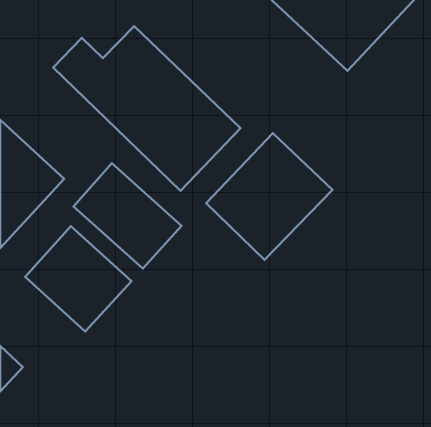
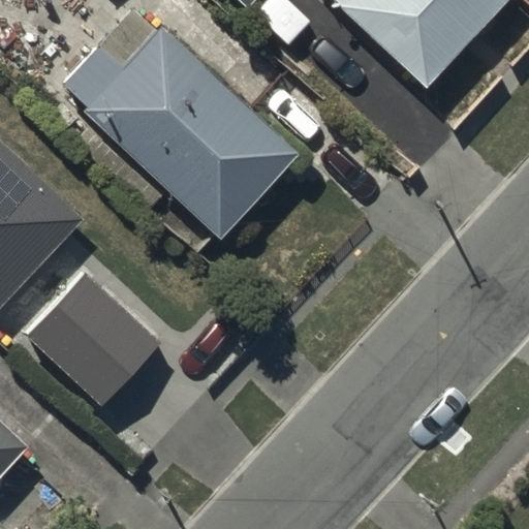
building: [206,133,332,260] -> none
building: [74,163,182,269] -> none

